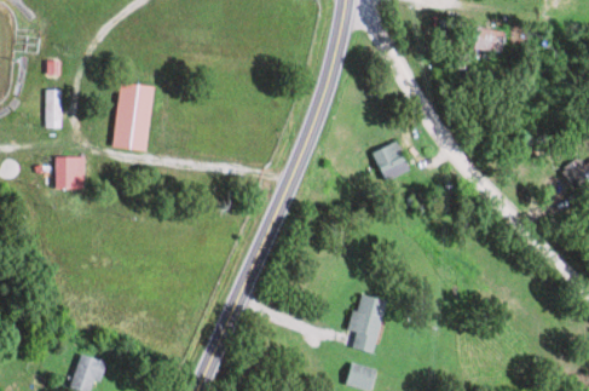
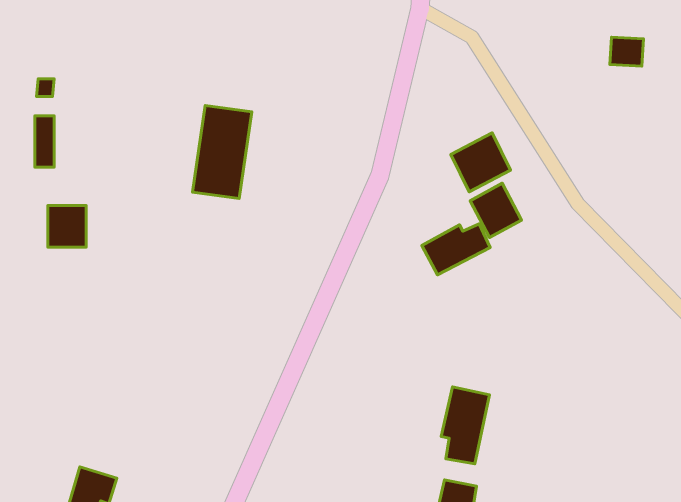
building: [111,82,156,153] -> [192,105,252,198]
building: none -> [451,133,511,192]
building: none -> [422,224,490,275]

